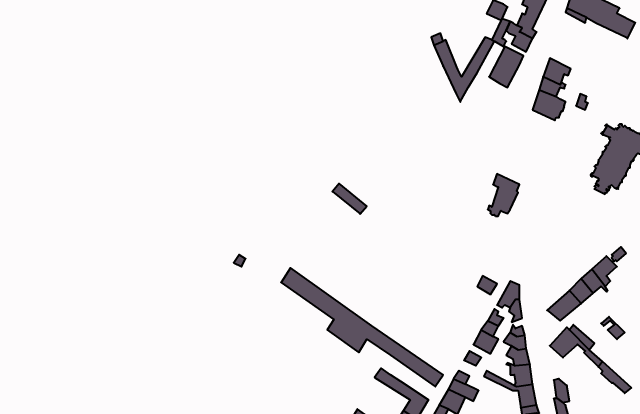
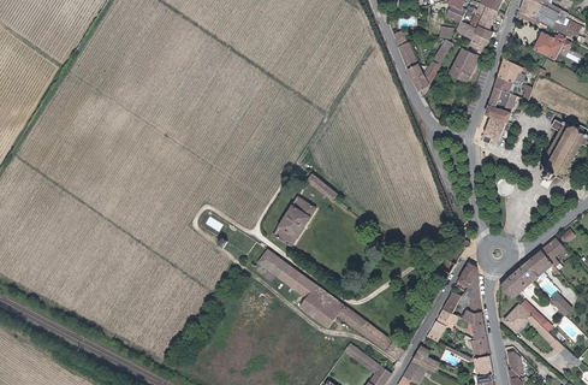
building: none -> [534,32,572,59]
building: [488,174,519,216] -> [480,105,509,143]
building: none -> [272,196,315,247]

